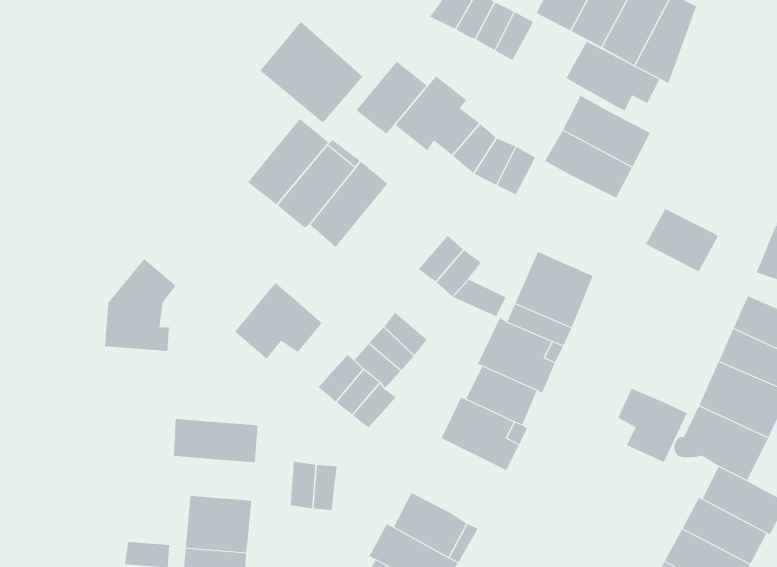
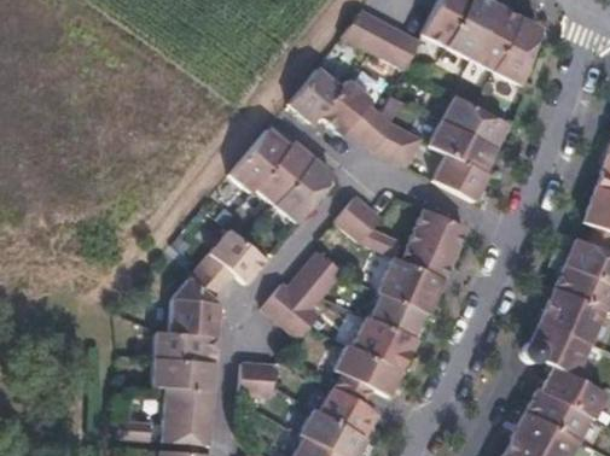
building: [260,21,363,124] -> none
building: [566,41,660,111] -> none
building: [247,118,329,205] -> [274,158,335,222]
building: [645,208,719,272] -> [432,152,487,199]
building: [104,258,176,352] -> [170,267,223,335]
building: [618,388,688,463] -> none
building: none -> [330,341,400,401]
building: none -> [152,358,215,391]

